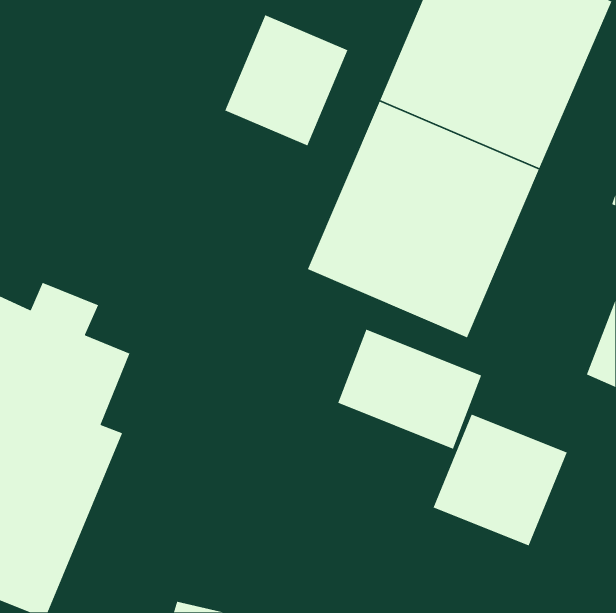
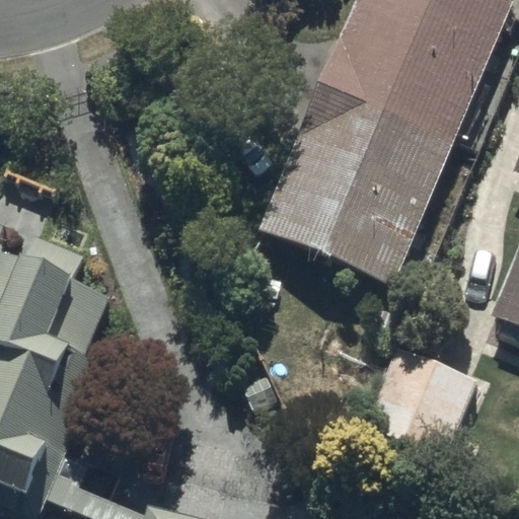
building: [224,14,349,147] -> none
building: [337,329,482,450] -> none

